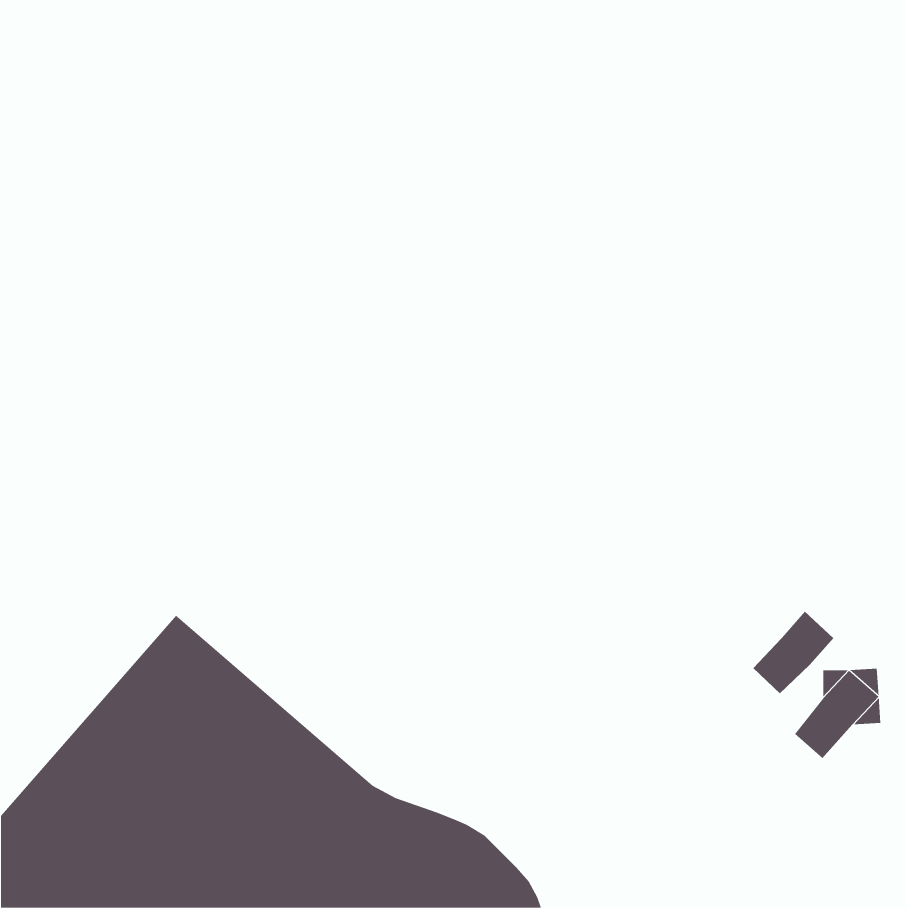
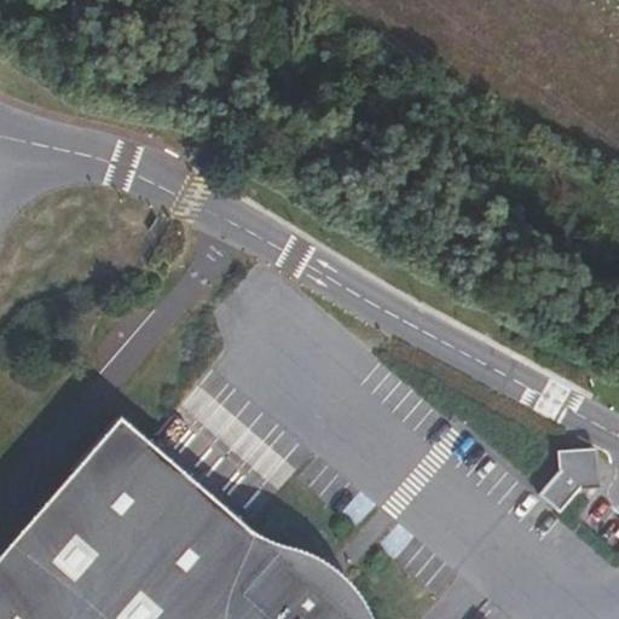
building: [753,611,834,694] -> none

